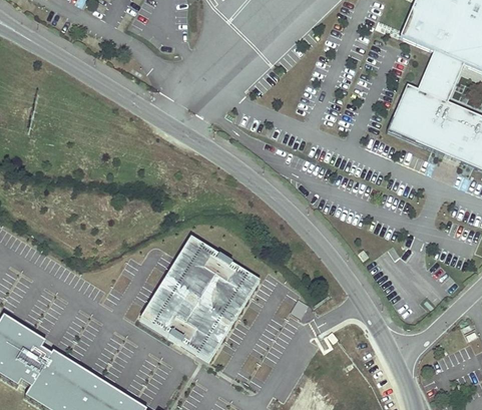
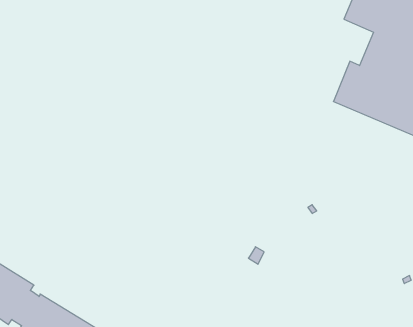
building: [140,236,260,360] -> none

